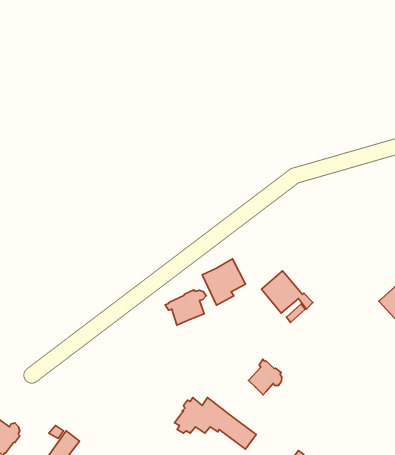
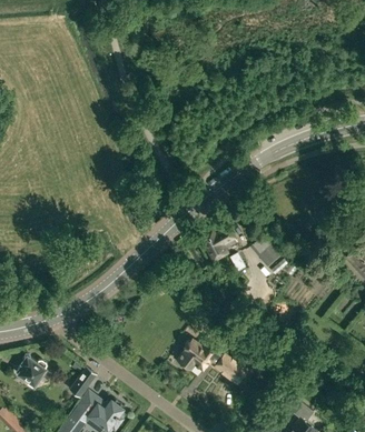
building: [165,290,206,325] -> none
building: [248,359,282,395] -> none

